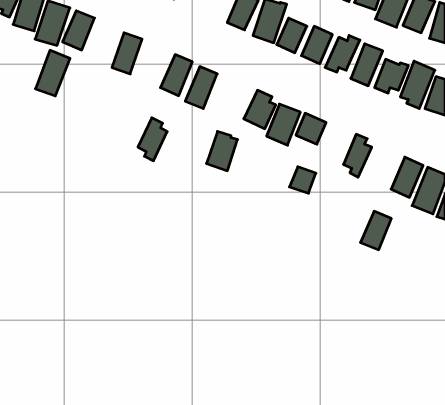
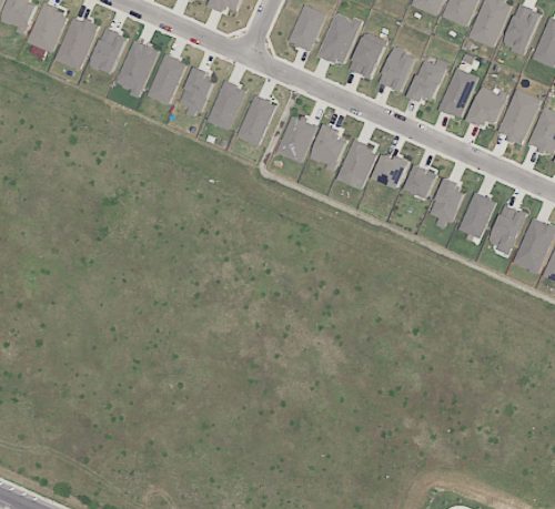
building: [35,50,70,96] -> [115,39,158,94]
building: [138,118,167,161] -> [179,65,214,118]
building: [206,131,238,171] -> [278,114,315,162]
building: [289,167,316,193] -> [404,165,436,197]
building: [360,211,391,250] -> [458,191,496,237]

